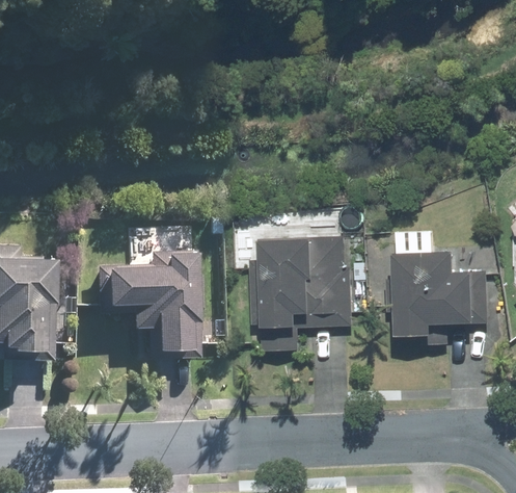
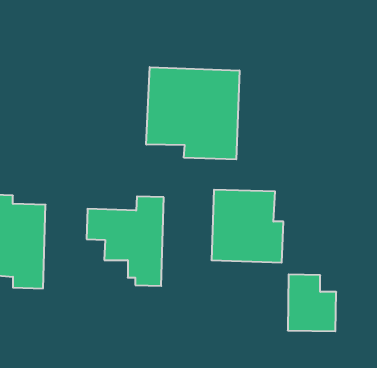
building: none -> [146,67,239,159]
building: [399,261,459,332] -> [288,274,336,331]

